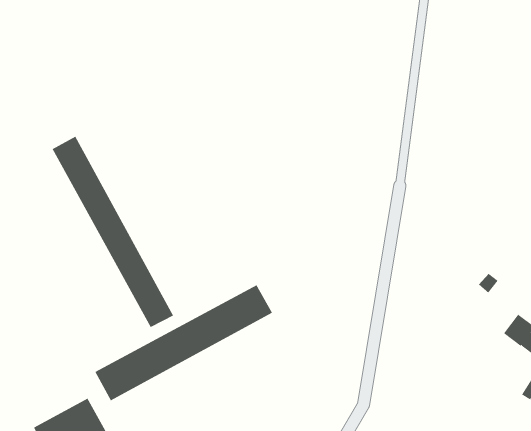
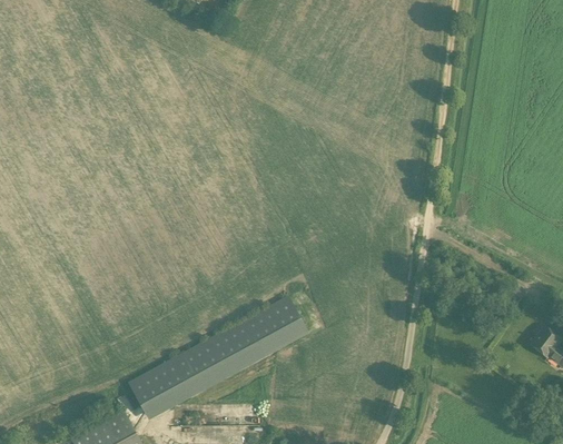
building: [52,136,174,328] -> none

